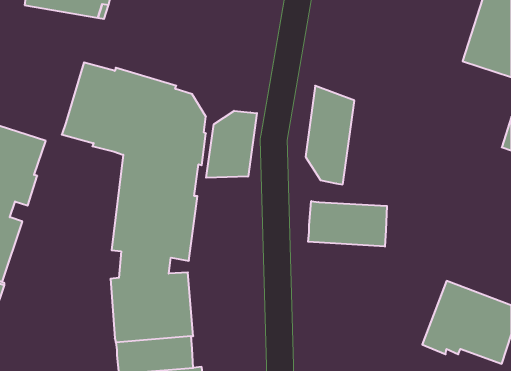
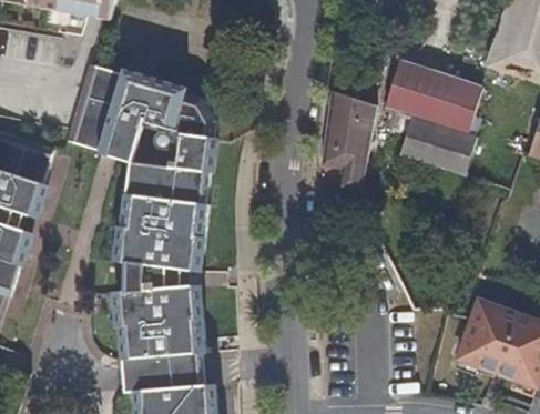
building: none -> [385,59,482,175]
building: [206,111,257,178] -> none
building: [308,201,387,247] -> none

